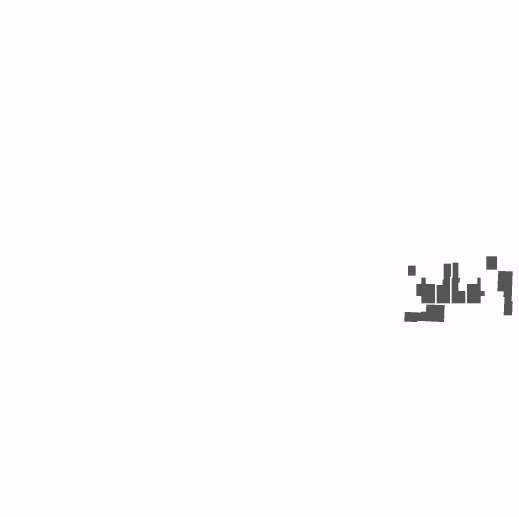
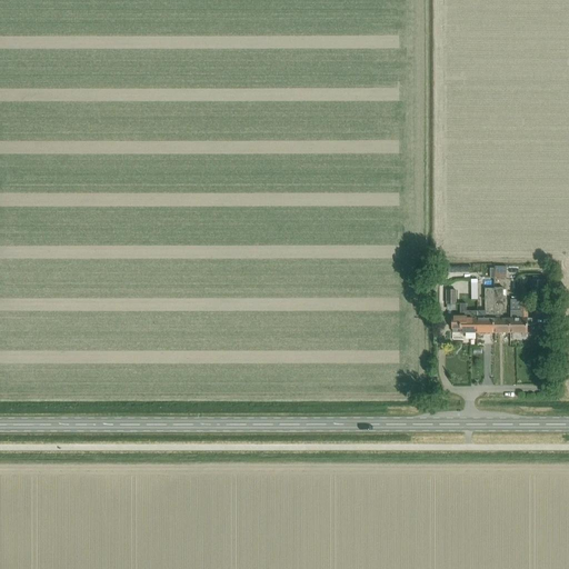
building: [497,270,513,316] -> none
building: [404,304,445,323] -> none

